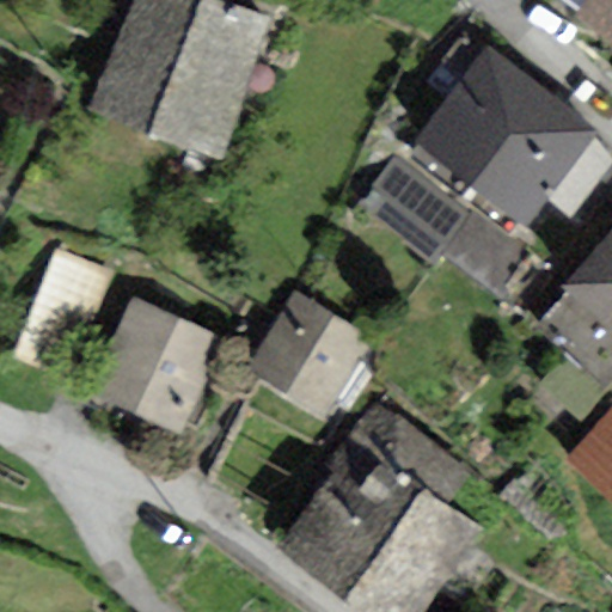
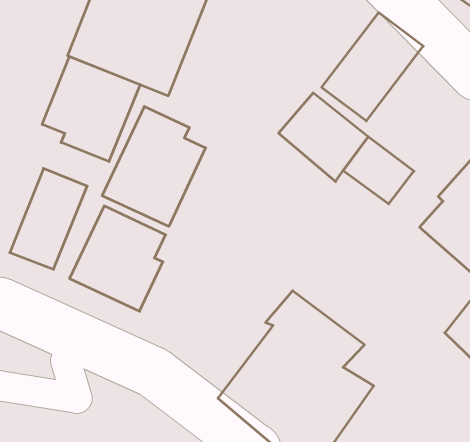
building: [471,91,598,228] -> none
building: none -> [42,57,140,162]
building: none -> [102,106,206,226]
building: [244,289,369,421] -> none

